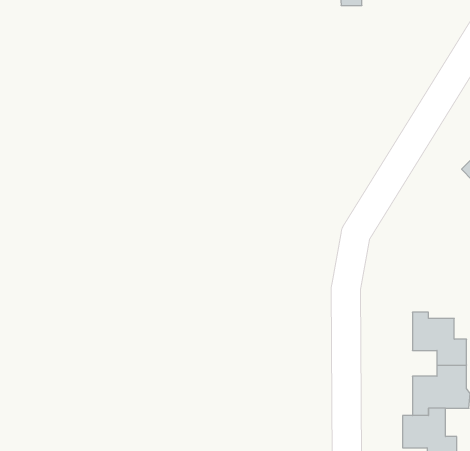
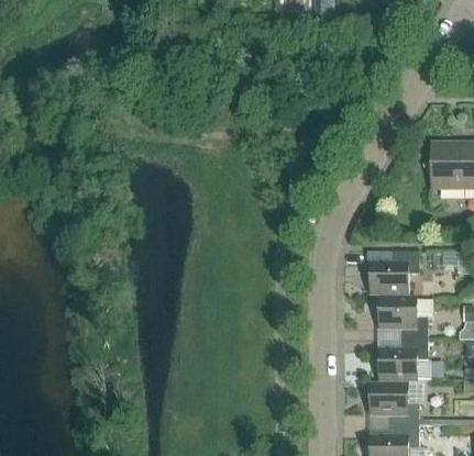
building: none -> [370,252,418,298]

